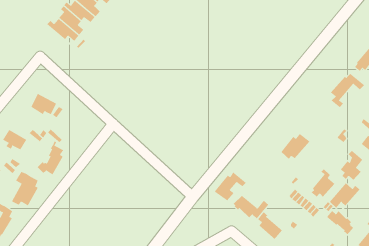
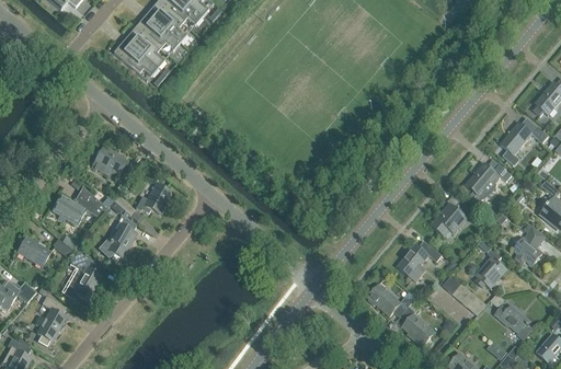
building: none -> [466,160,511,203]
building: none -> [136,183,172,214]
building: [214,172,247,201] -> [397,240,442,280]
building: [329,183,361,212] -> none

